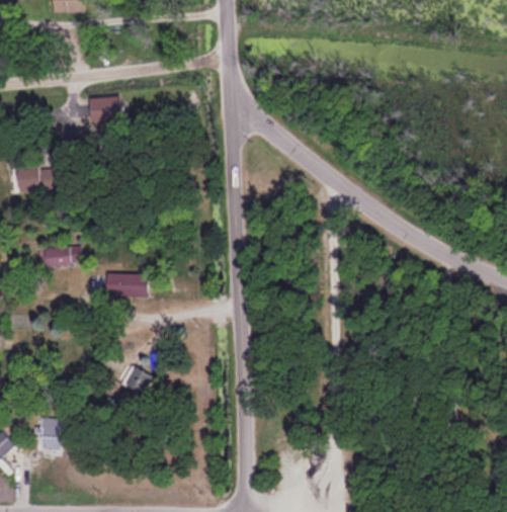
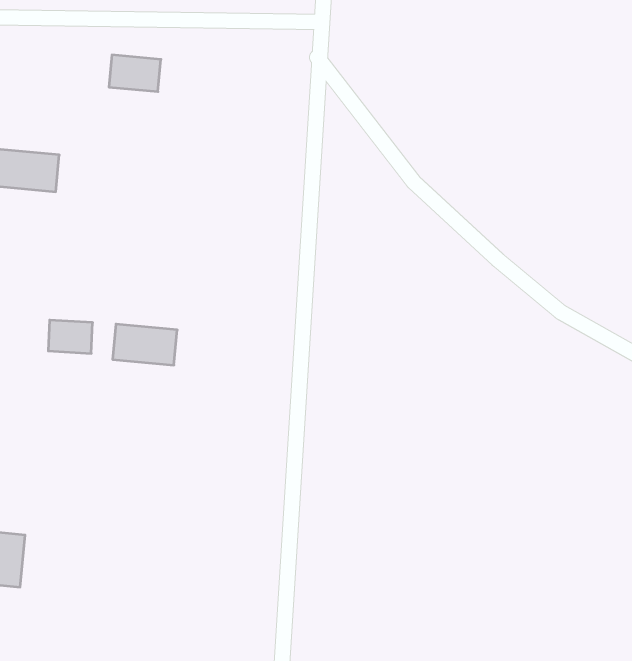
building: [45,246,74,267] -> [48,320,93,353]
building: [131,369,152,393] -> none

